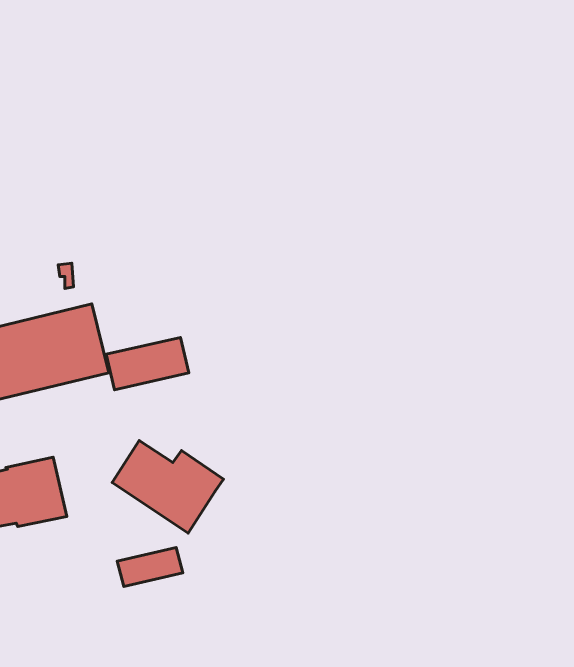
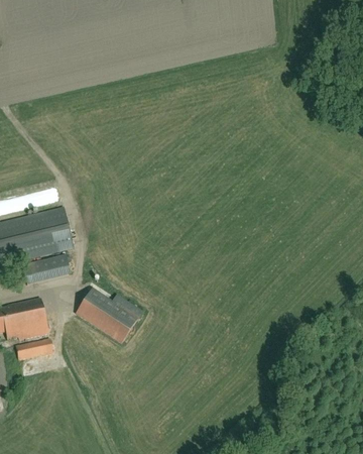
building: [106,337,189,390] -> [21,253,71,285]
building: [117,548,183,586] -> [14,337,53,360]

